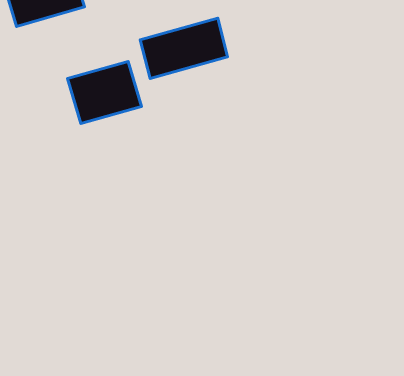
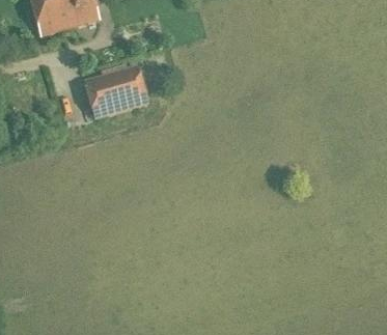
building: [140,18,228,79] -> none

